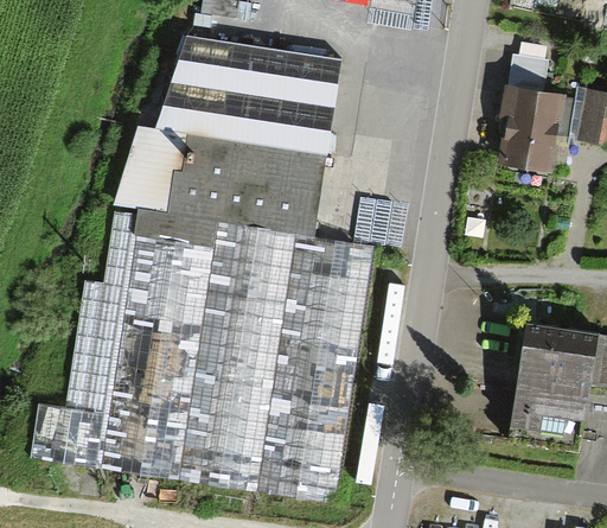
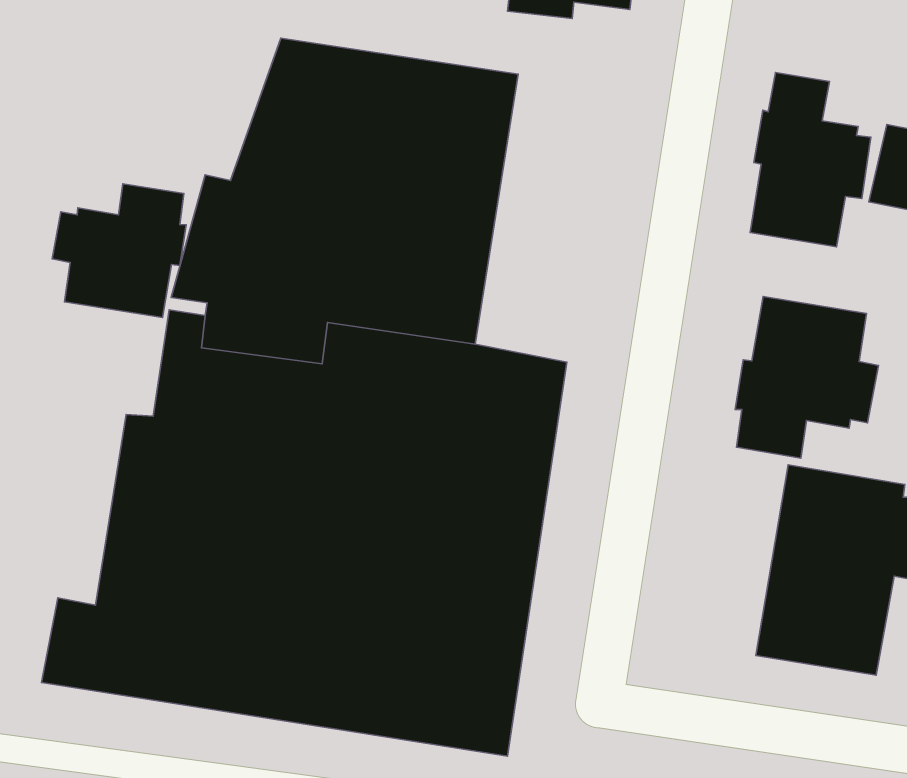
building: none -> [52,184,186,317]
building: none -> [735,296,878,458]

